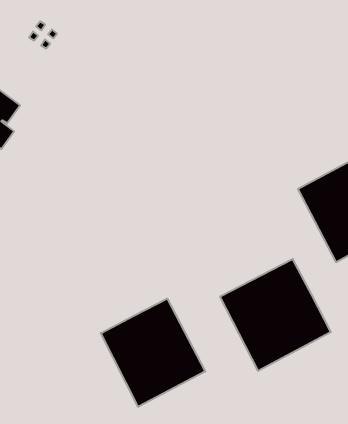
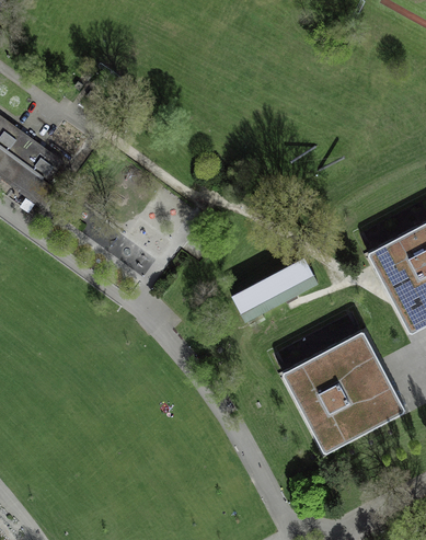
building: none -> [231,257,319,322]
building: [101,299,205,407] -> none

